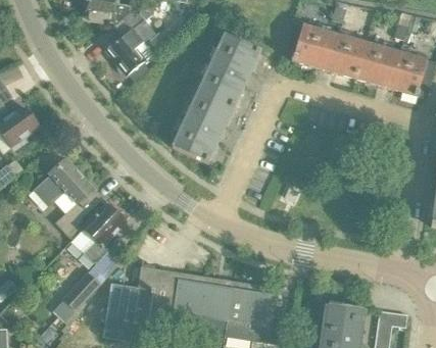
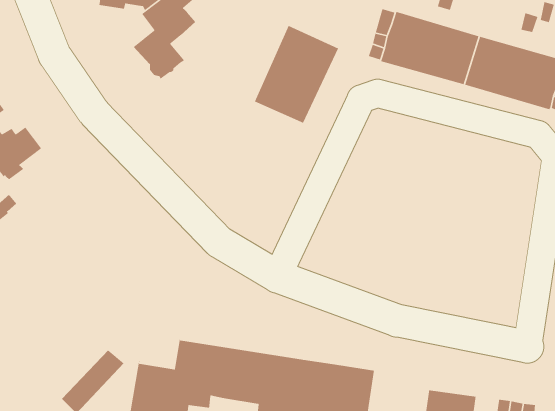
building: [172,90,234,163] -> none
building: [33,157,102,235] -> none
building: [82,203,126,264] -> none

